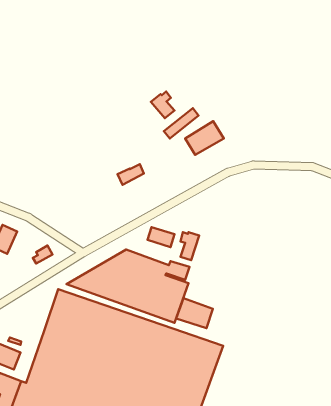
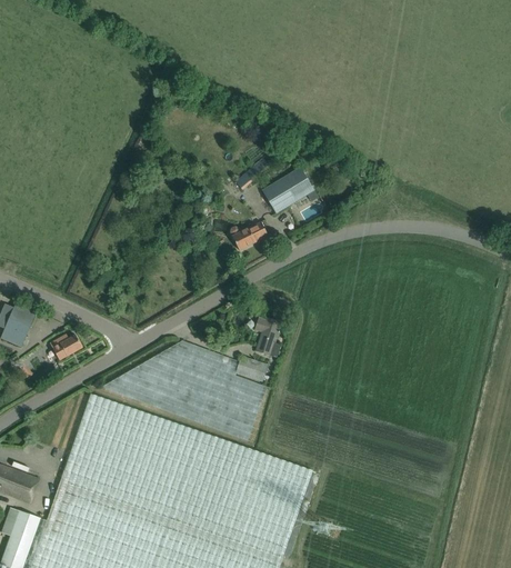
building: [151,91,175,118] -> none
building: [118,164,144,185] -> [232,223,268,251]
building: [147,227,174,247] -> none
building: [176,298,213,328] -> none

